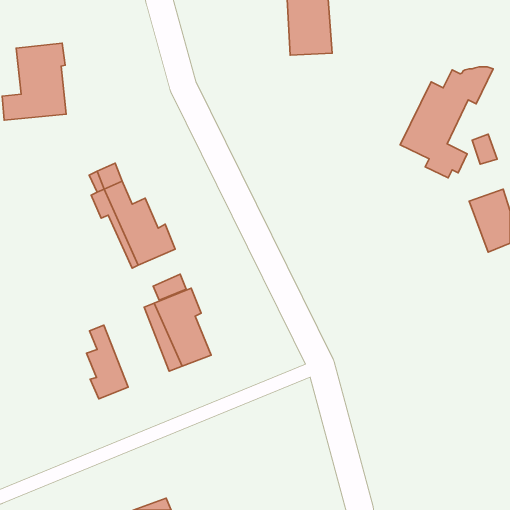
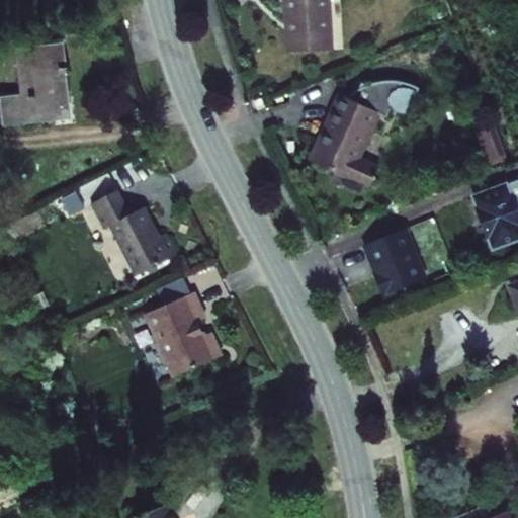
building: [400,67,493,178] -> [307,86,401,198]
building: none -> [362,228,424,295]
building: [87,325,128,399] -> none

